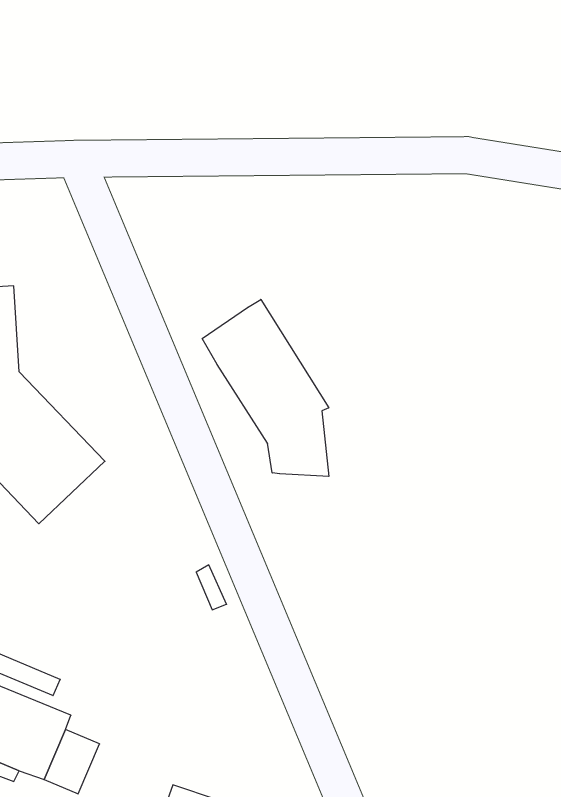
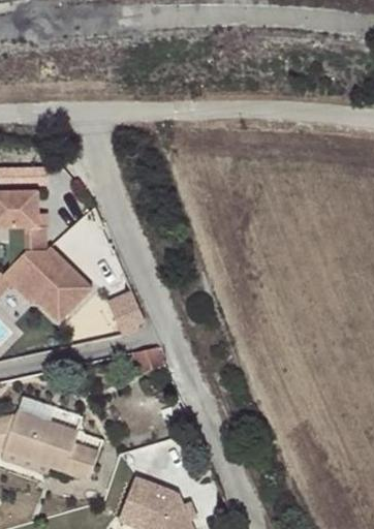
building: [202,299,329,476] -> none
building: none -> [105,289,145,333]

